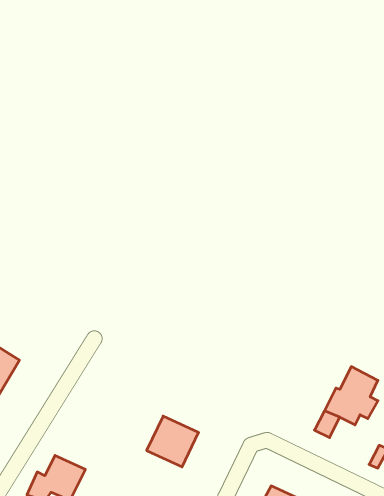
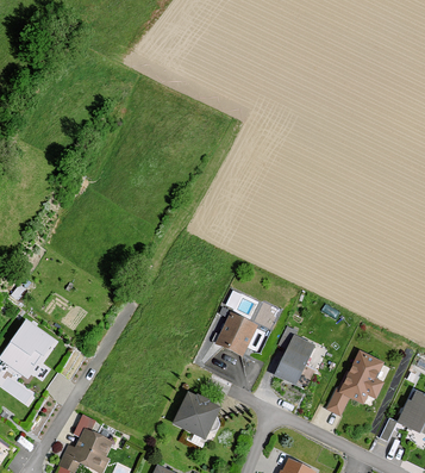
building: none -> [214,312,257,357]
building: none -> [275,334,314,385]

